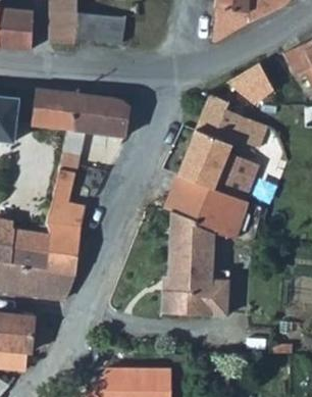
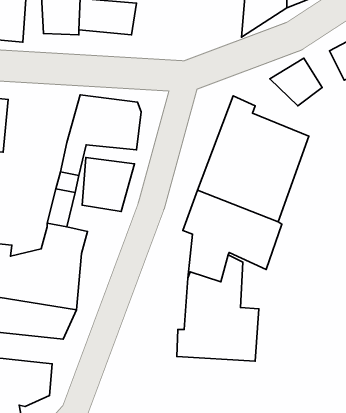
building: [34,88,77,133] -> [82,158,135,211]

